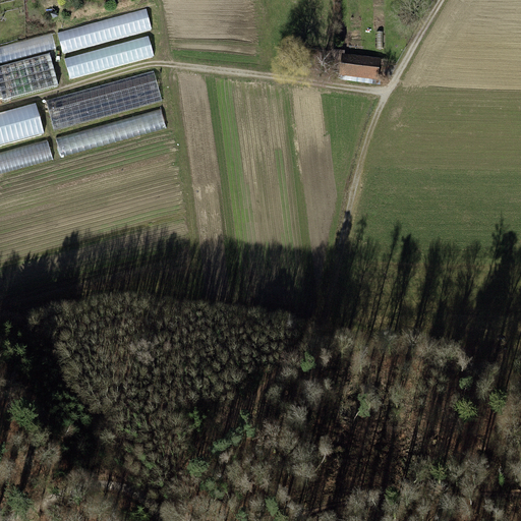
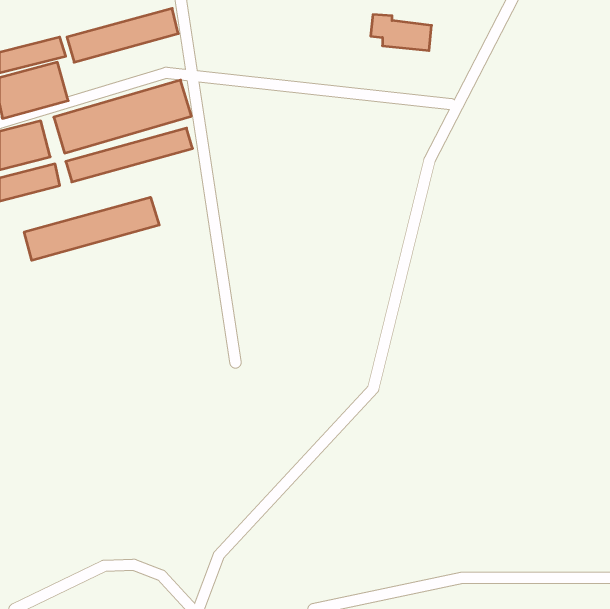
building: [64,35,155,78] -> none
building: [326,49,378,79] -> [371,15,432,51]
building: none -> [24,197,159,260]

